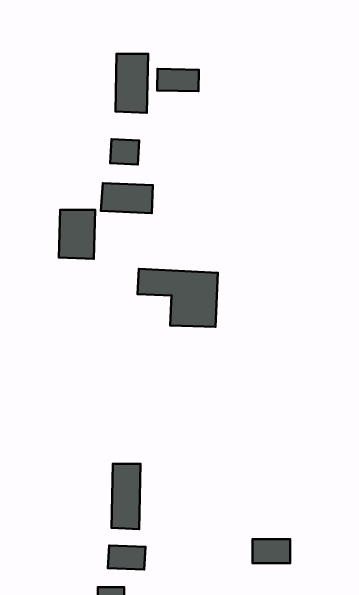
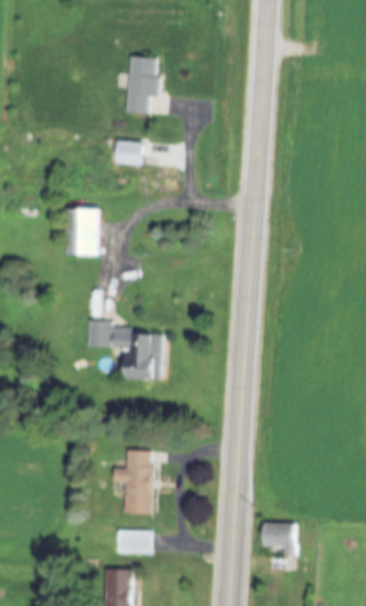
building: [157,69,199,91] -> none
building: [101,183,153,213] -> none
building: [137,269,218,327] -> [86,325,163,380]

